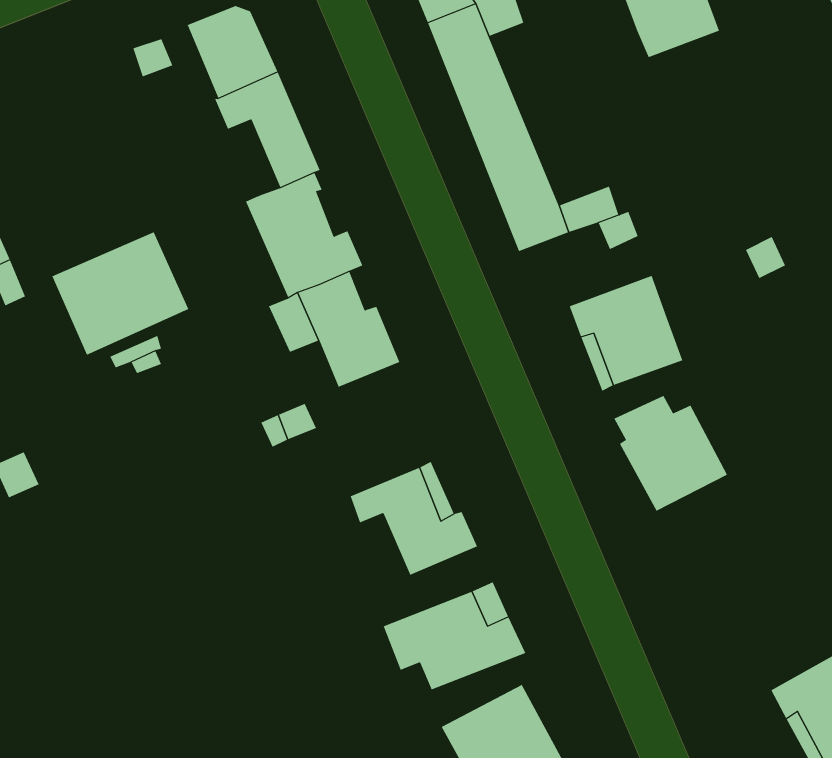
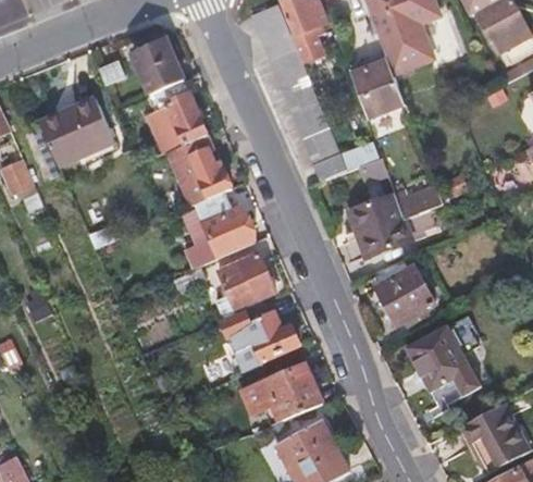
building: none -> [348,57,404,118]
building: none -> [146,107,185,155]
building: [52,232,189,356] -> [38,98,115,168]
building: none -> [393,184,442,218]
building: none -> [213,255,274,316]
building: none -> [405,326,478,403]

